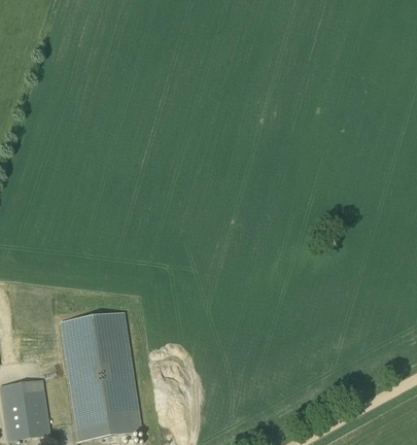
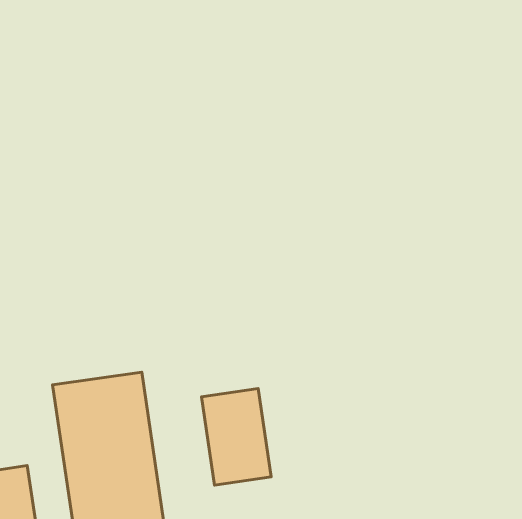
building: none -> [201,388,271,485]

